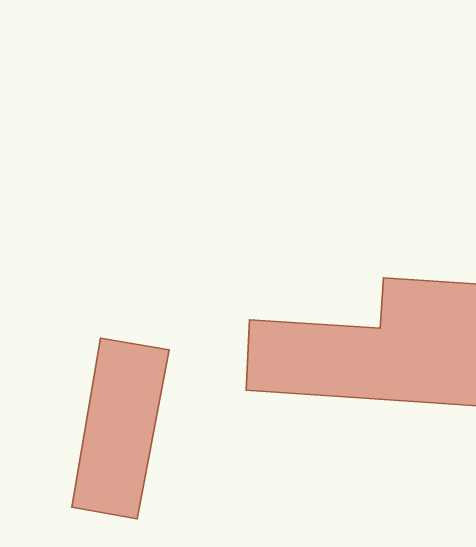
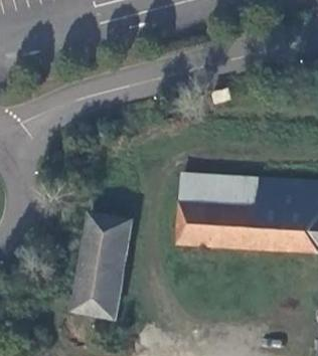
building: none -> [179,170,260,205]

